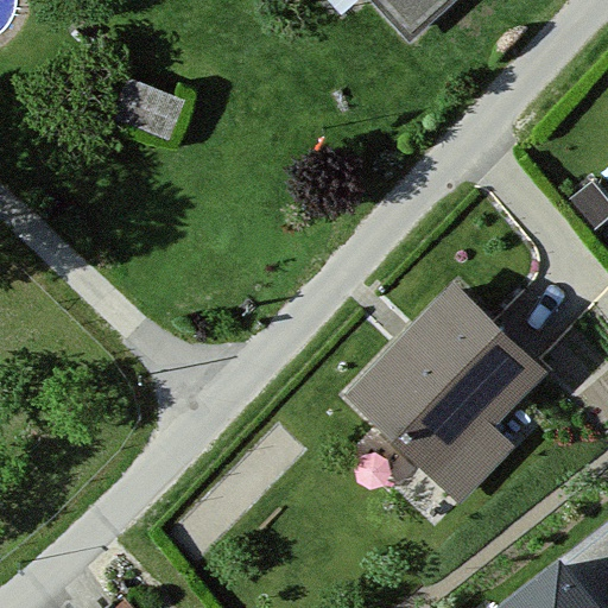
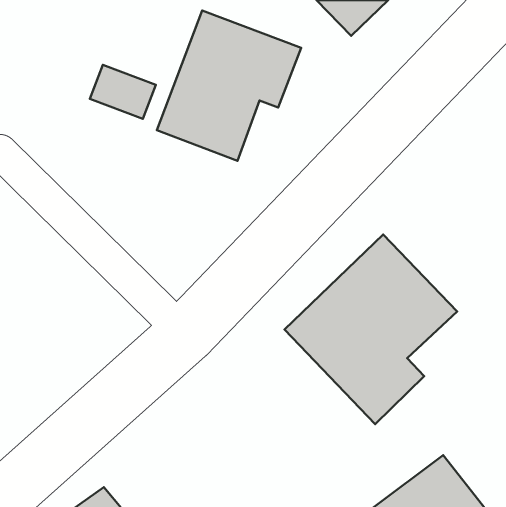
building: none -> [157,10,301,161]

